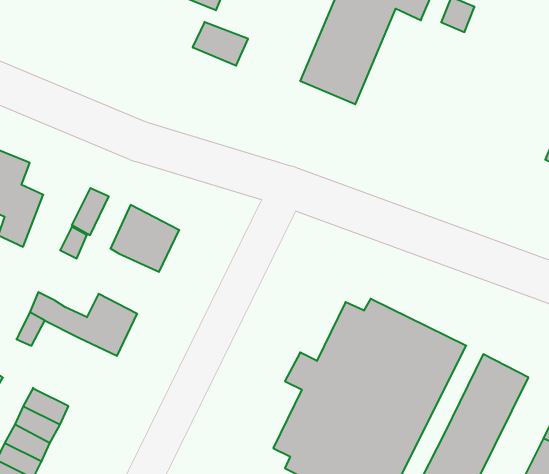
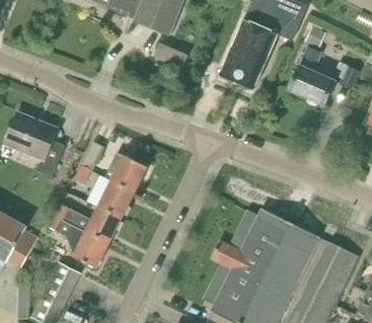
building: none -> [287,47,359,105]
building: none -> [97,181,134,218]
building: none -> [72,232,108,268]

